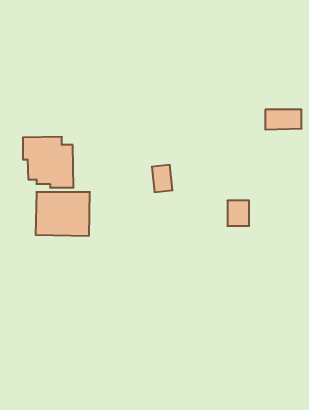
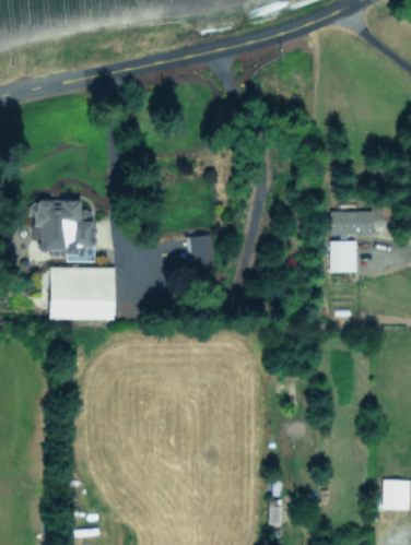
building: [265,110,302,130] -> [329,211,373,235]
building: [227,201,249,226] -> [330,240,356,271]

